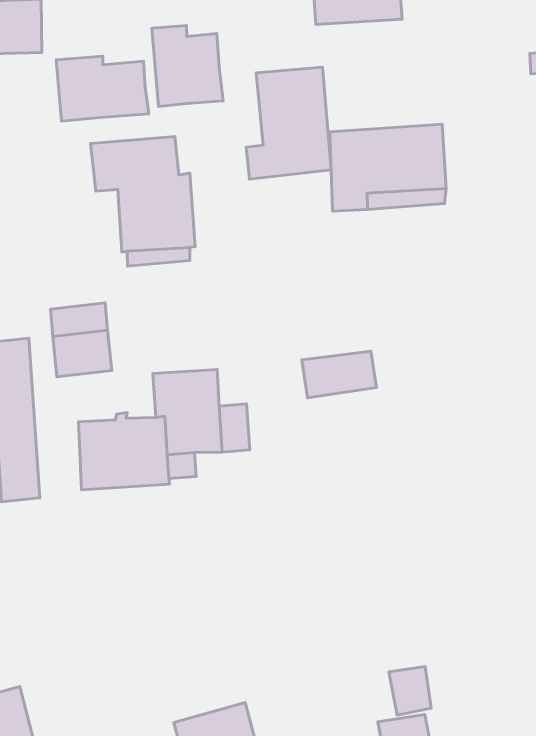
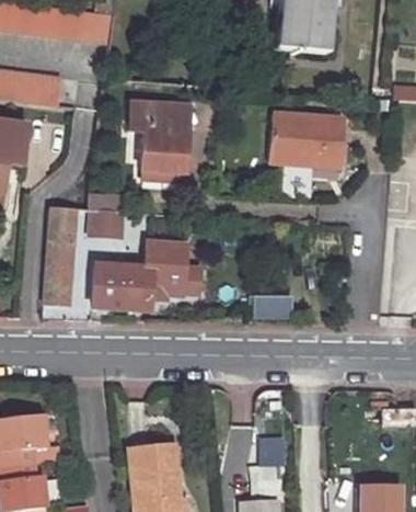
building: [152,25,223,106] -> none
building: [56,56,149,121] -> none
building: [246,67,331,179] -> none
building: [302,351,376,398] -> [252,295,293,318]

